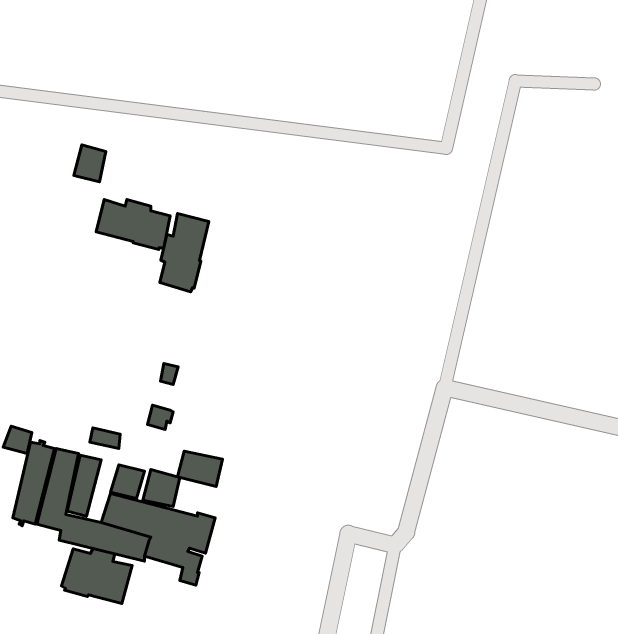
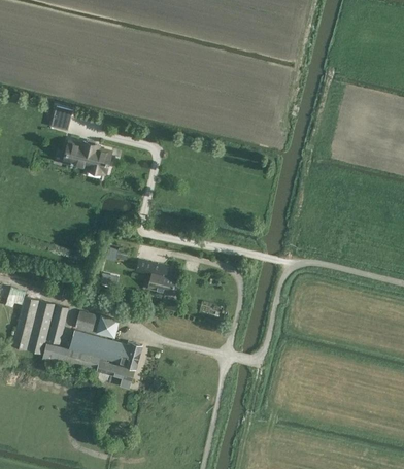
building: [160,214,209,292] -> none
building: [178,451,223,487] -> [147,271,176,294]
building: [62,548,132,603] -> none

